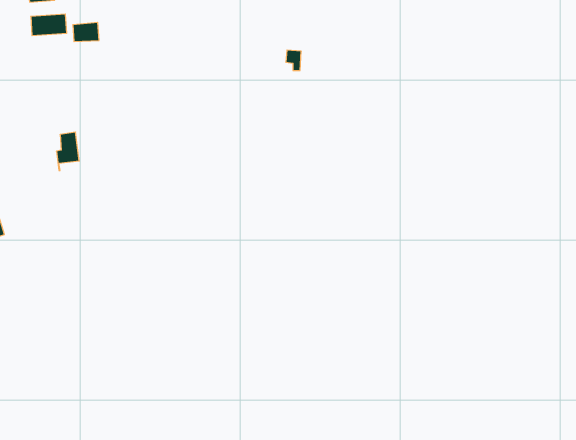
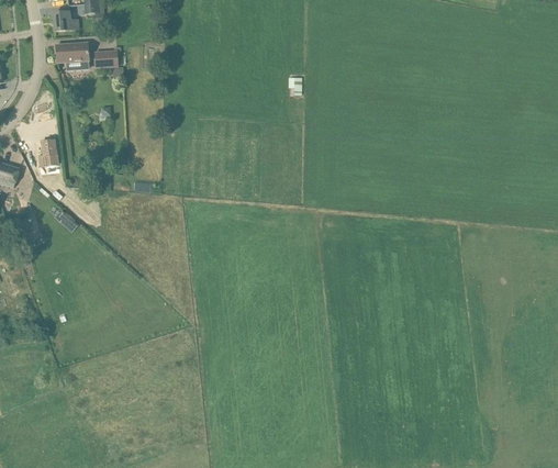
building: [56,132,79,170] -> [37,137,58,172]

